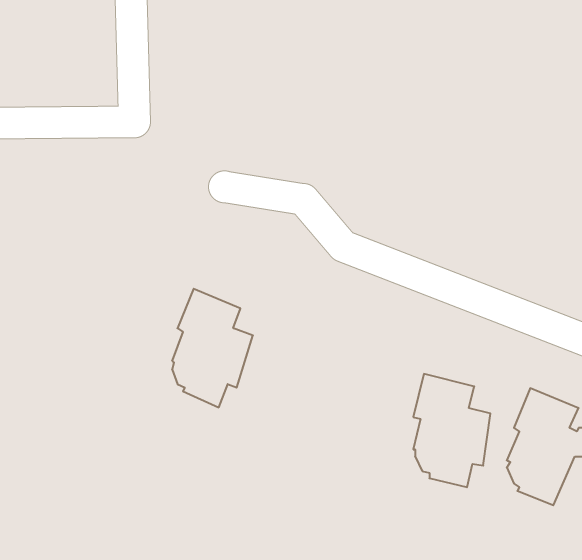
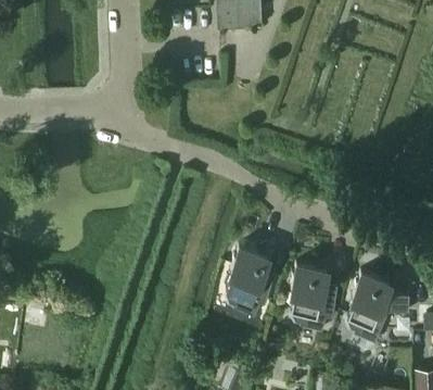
building: [172,289,253,407] -> [227,246,276,317]

